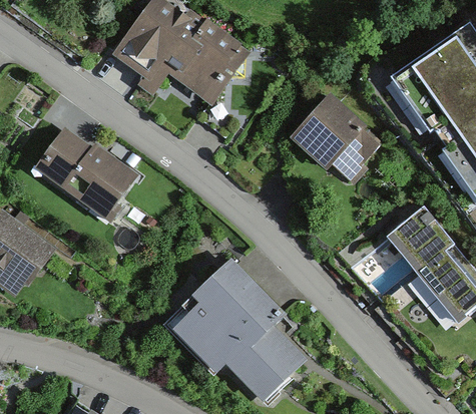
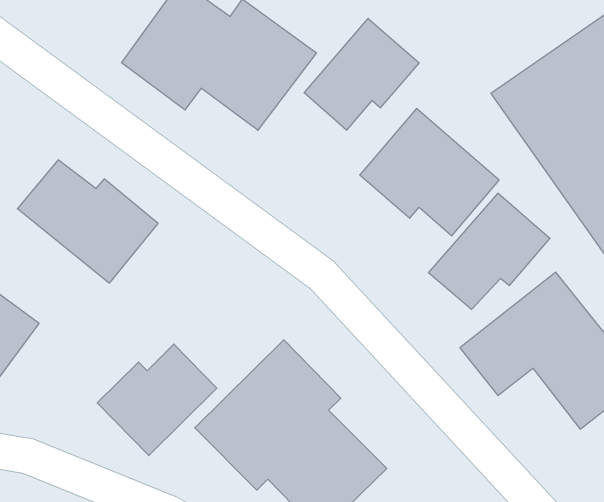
building: none -> [304,18,419,130]
building: none -> [429,193,550,309]
building: none -> [97,344,217,456]

